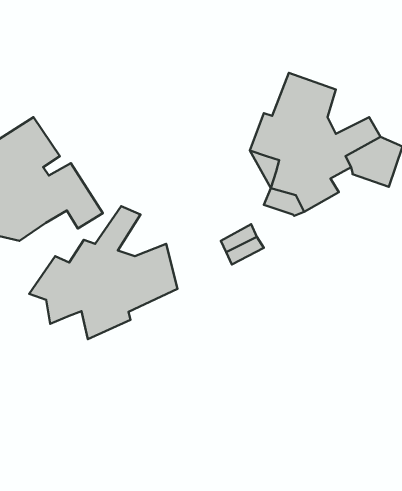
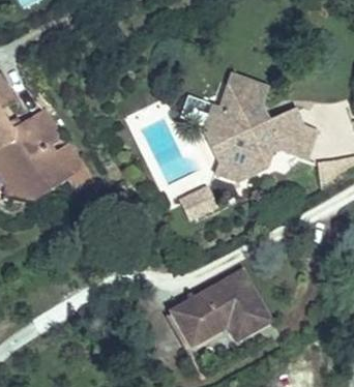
building: [29,206,178,339] -> none
building: none -> [172,271,271,346]

